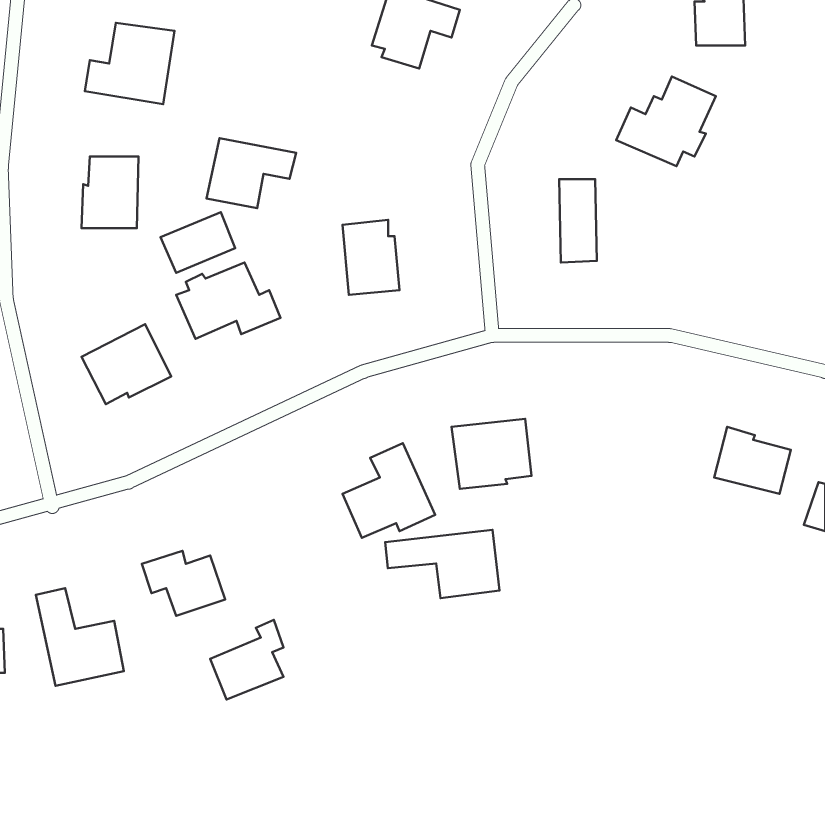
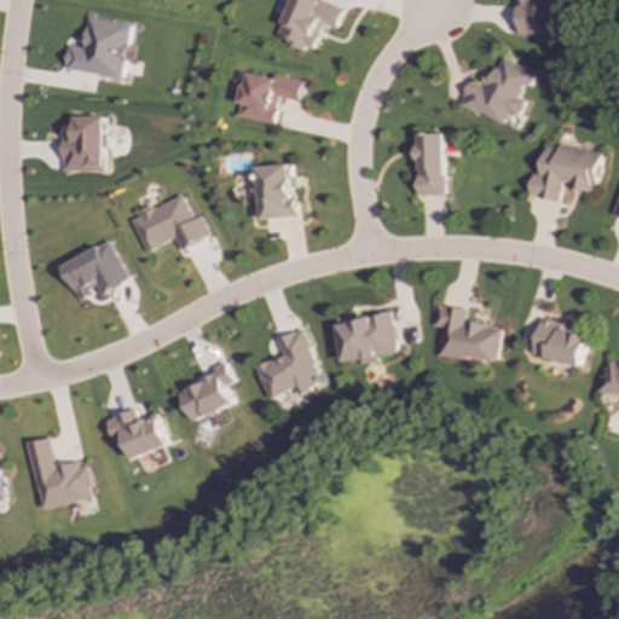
building: [206,138,296,208] -> [235,70,301,122]
building: none -> [526,144,597,199]
building: [161,212,235,273] -> none
building: none -> [432,303,501,361]
building: [385,530,500,598] -> none
building: [210,620,284,700] -> [178,361,232,421]

